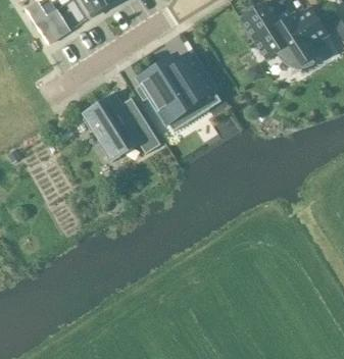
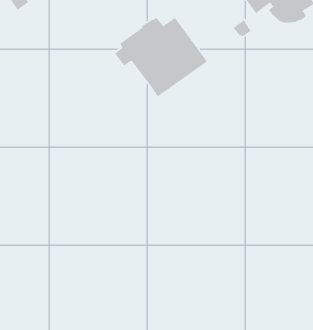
building: [82,93,160,156] -> none

